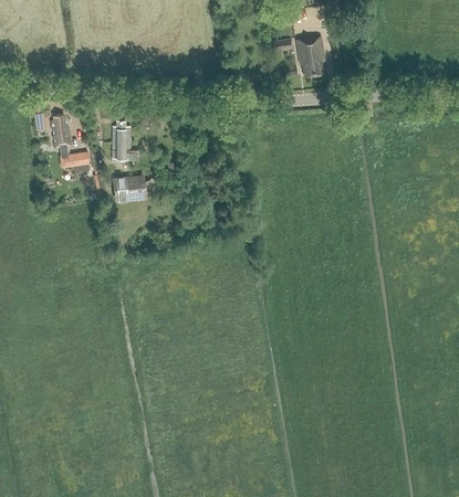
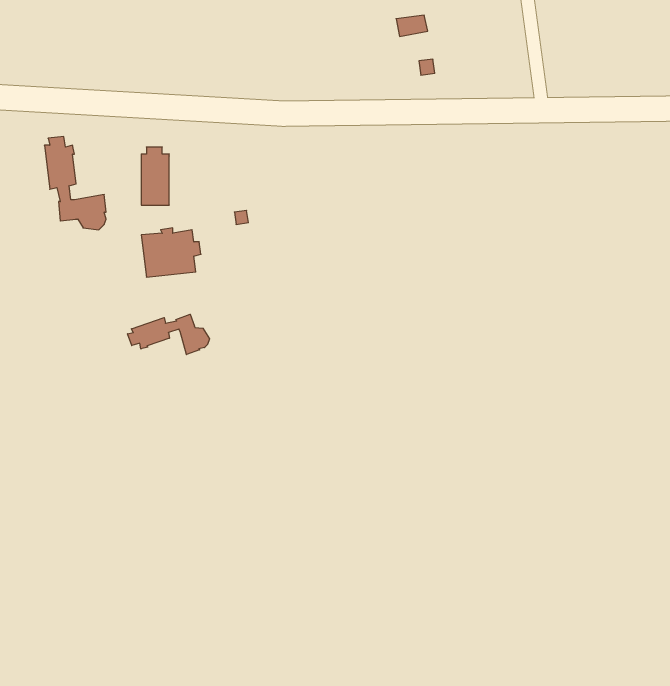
building: [298,36,325,75] -> none
building: none -> [128,314,210,355]

